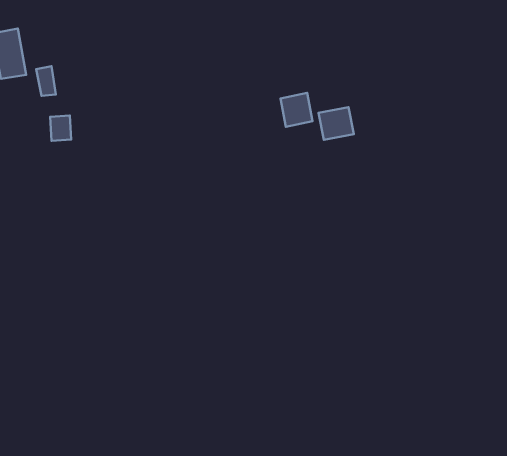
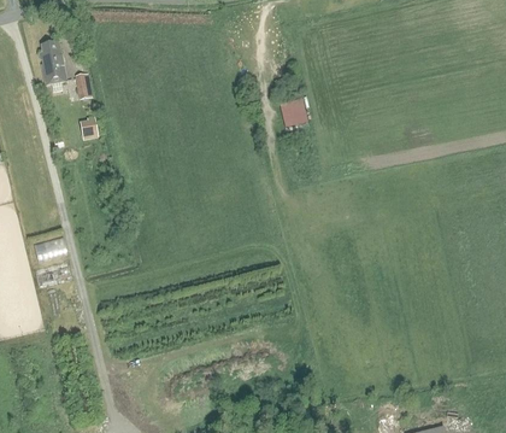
building: [319,107,354,140] -> none

